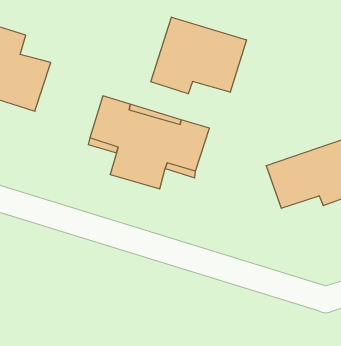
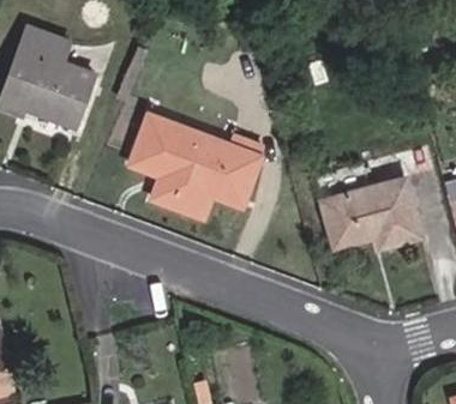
building: [151,17,246,94] -> none

